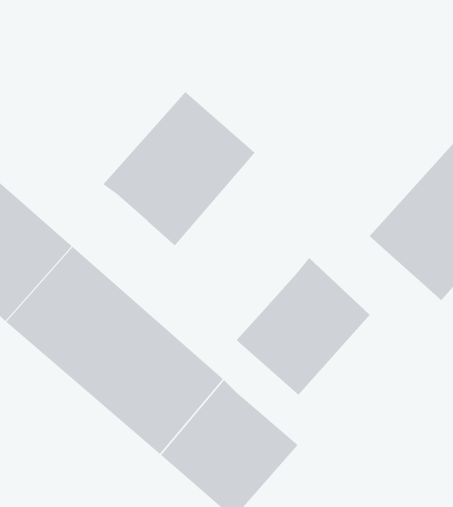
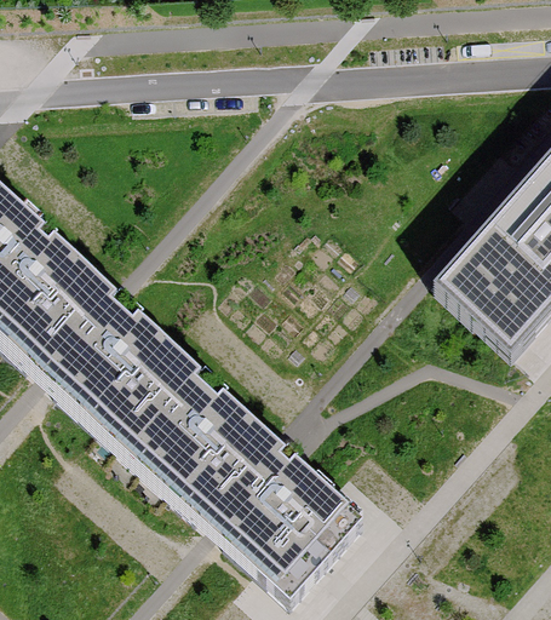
building: [103,91,255,246] -> none
building: [236,257,371,395] -> none

